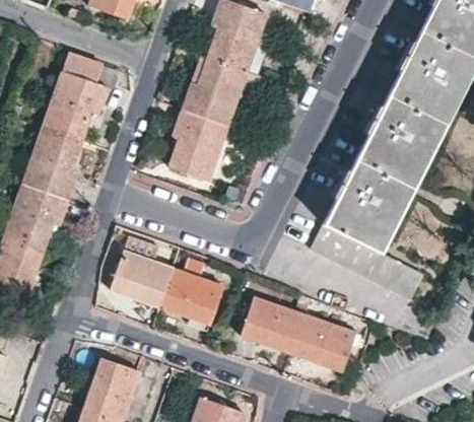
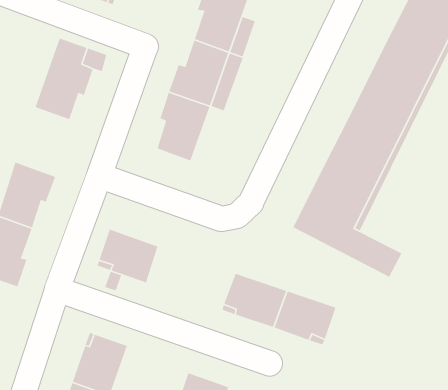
building: [24,126,81,197] -> none
building: [160,260,223,331] -> none

